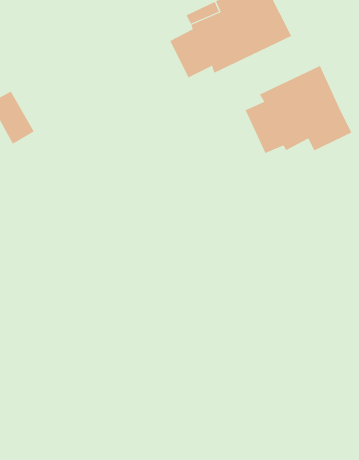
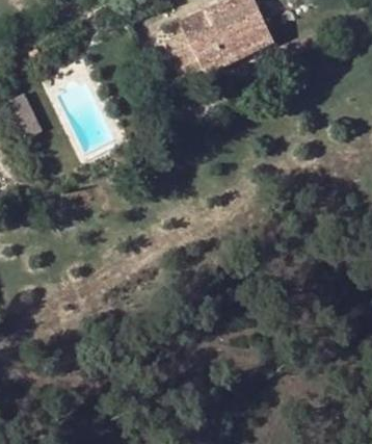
building: [245,65,352,154] -> none

